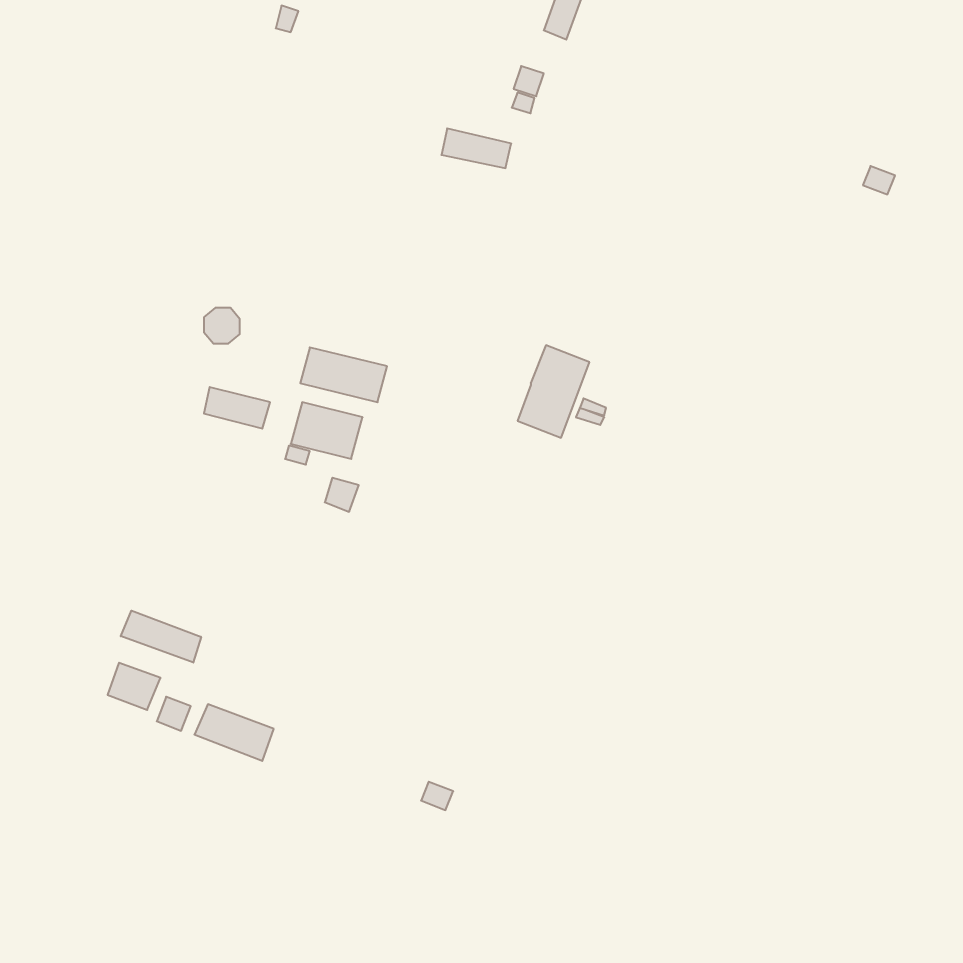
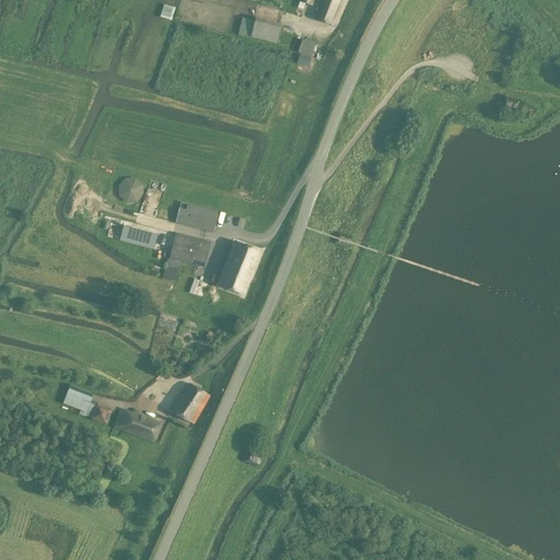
building: [441,128,511,168] -> [238,19,279,42]
building: [518,345,589,438] -> [218,240,259,293]
building: [121,611,201,663] -> none
building: none -> [170,383,209,423]

